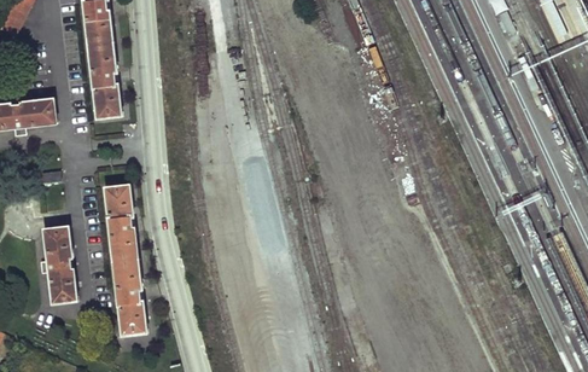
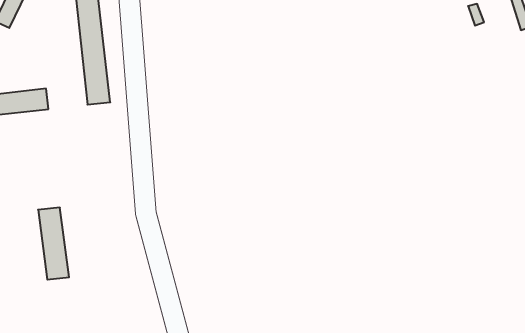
building: [104,185,145,333] -> none

